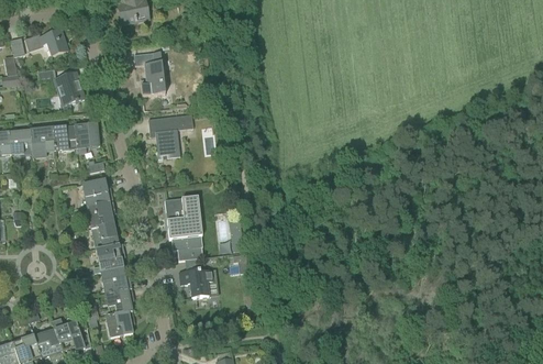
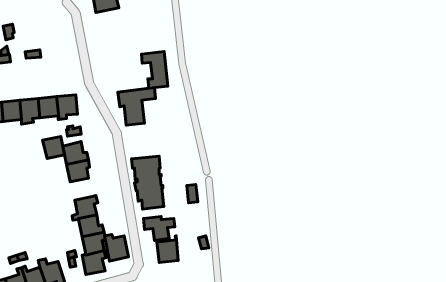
building: [24,30,66,55] -> none
building: [133,51,165,95] -> [141,51,168,88]
building: [54,73,84,109] -> none
building: [90,222,117,249] -> [43,136,65,158]
building: none -> [105,234,129,261]
building: none -> [157,236,178,263]

